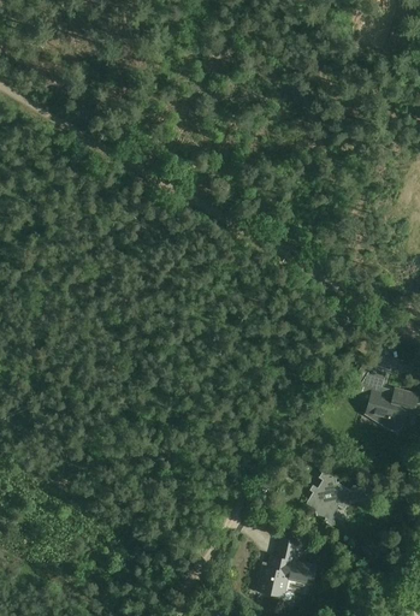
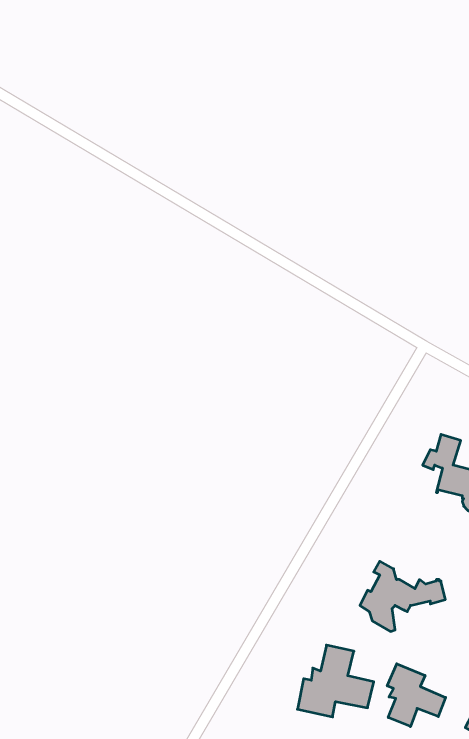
building: none -> [387,664,446,727]

